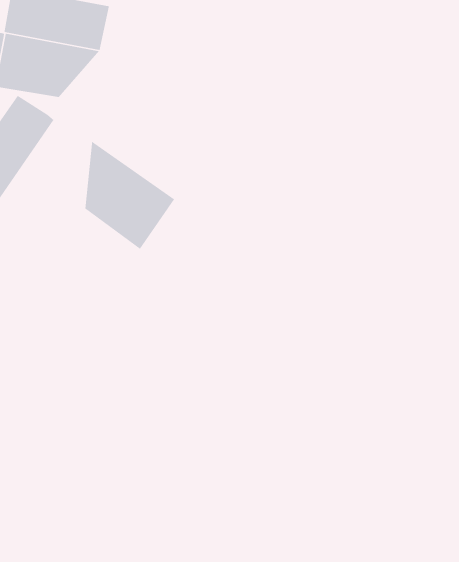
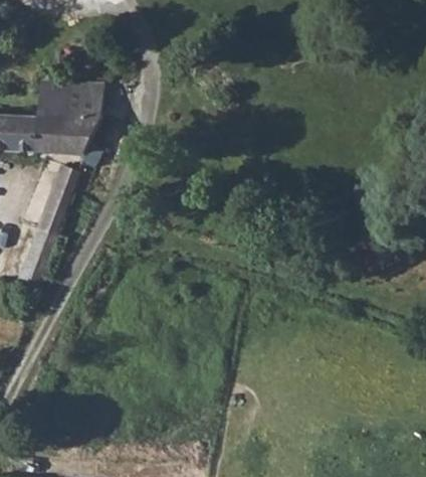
building: [85,140,175,250] -> none

